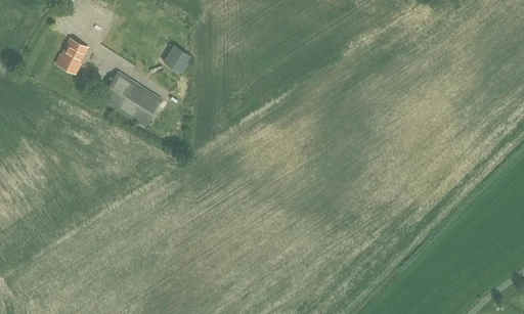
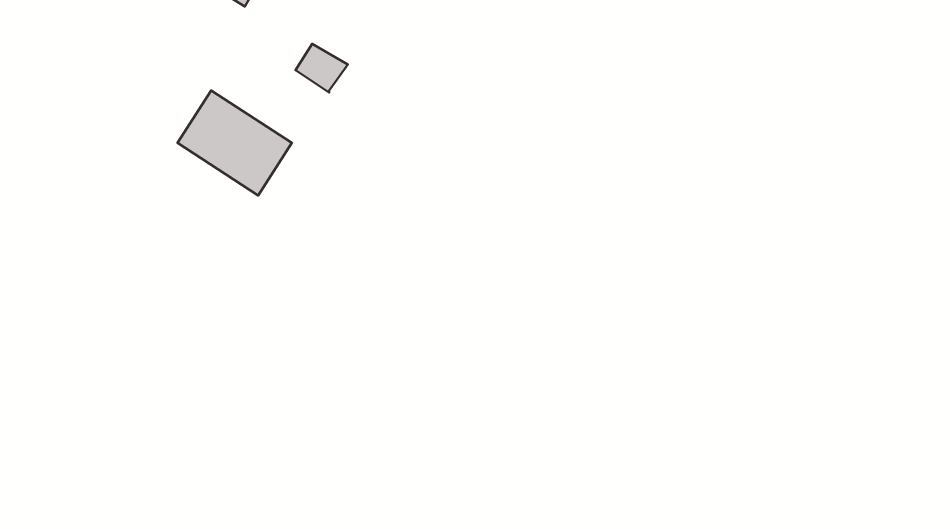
building: [56,38,88,73] -> none

